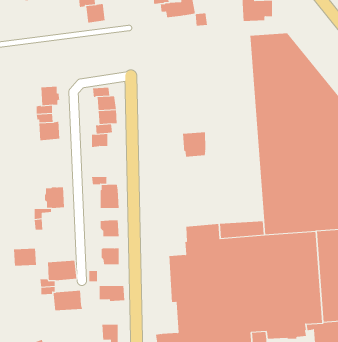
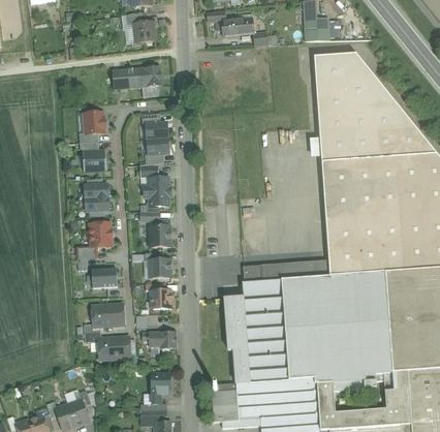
building: none -> [113,66,162,97]
building: [183,131,206,157] -> none
building: none -> [146,179,170,206]
building: none -> [85,185,109,211]
building: [13,248,37,266] -> [92,269,118,288]

